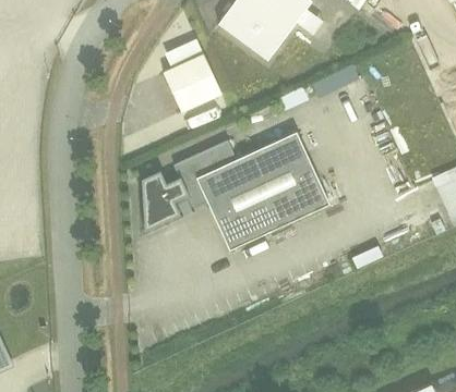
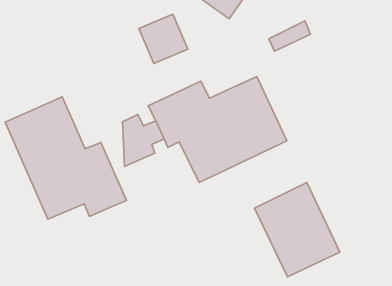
building: none -> [5,97,127,219]
building: none -> [254,182,340,277]

